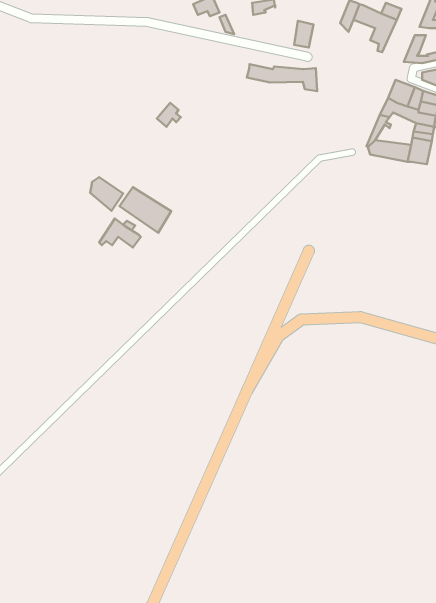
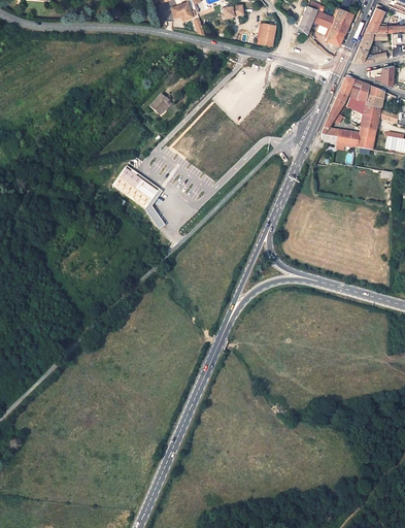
building: [247,64,317,91] -> none
building: [90,177,123,211] -> none
building: [99,219,141,248] -> none

